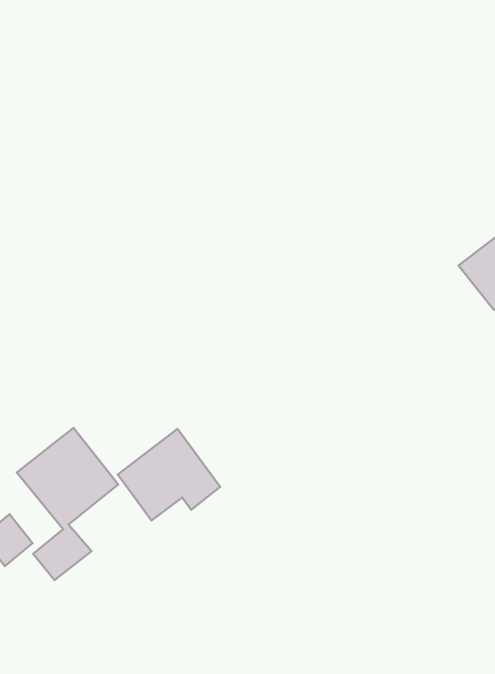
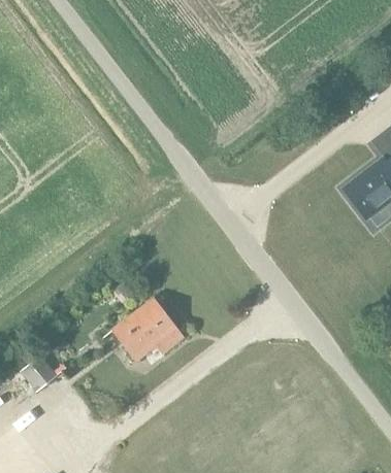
building: [17,428,118,580] -> none

